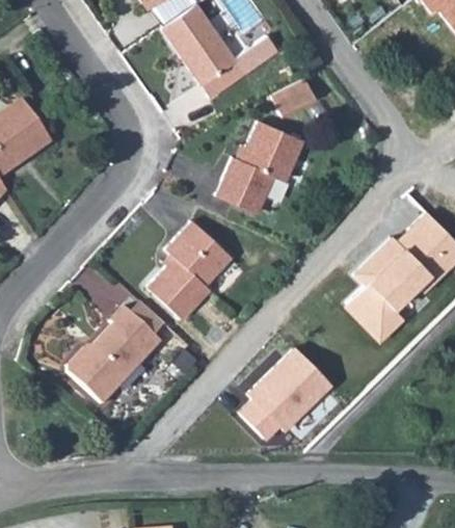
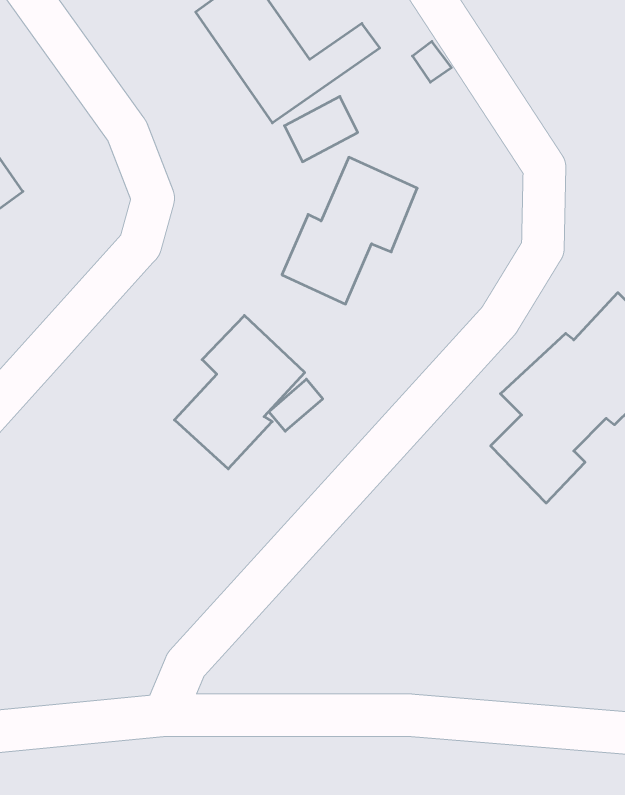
building: [270,75,317,116] -> [284,96,358,162]
building: [69,307,160,404] -> none
building: [241,339,341,434] -> none

